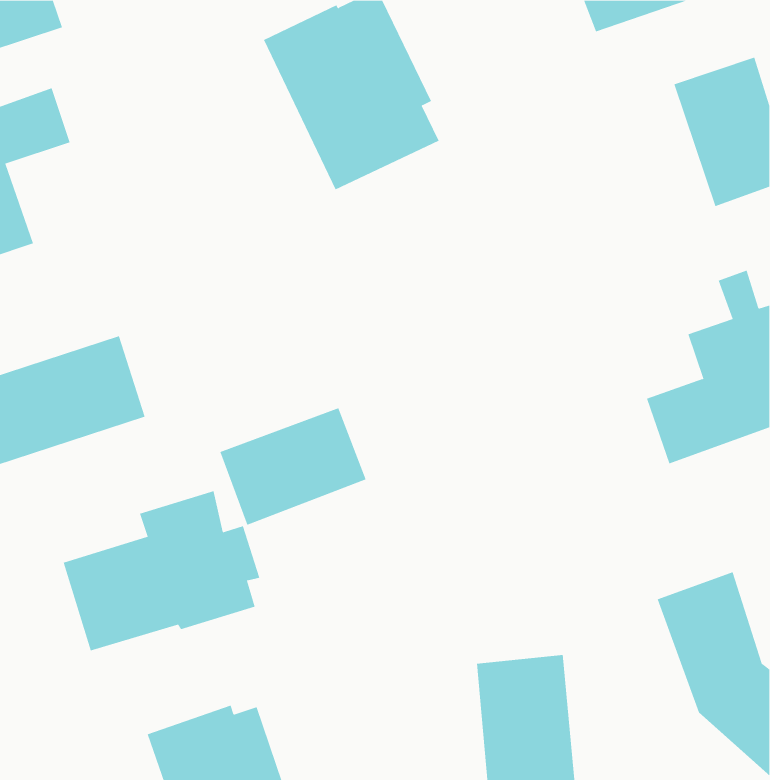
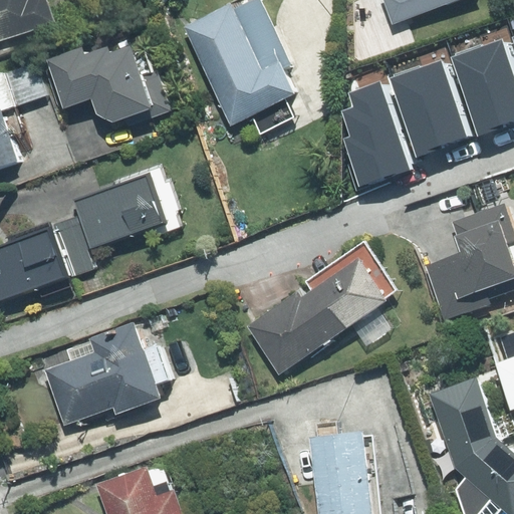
building: none -> [48,44,173,127]
building: none -> [380,60,462,159]
building: none -> [333,80,407,190]
building: none -> [247,239,401,377]
building: [219,407,366,525] -> [75,172,172,249]

